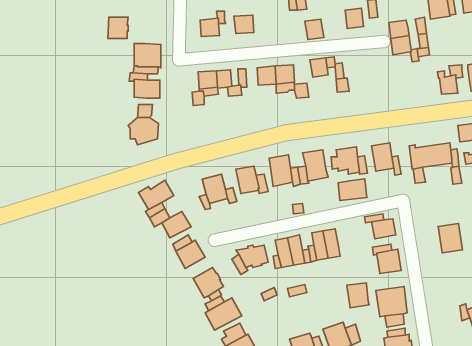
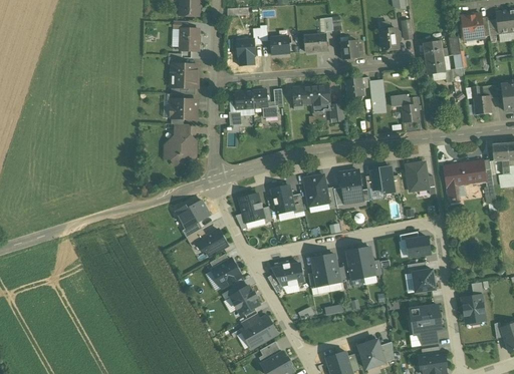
building: none -> [304,34,327,52]
building: [108,17,128,38] -> [180,29,200,50]
building: none -> [393,94,422,123]
building: [338,179,367,201] -> none
building: [438,224,463,253] -> [462,295,486,324]
building: [347,283,369,308] -> none

